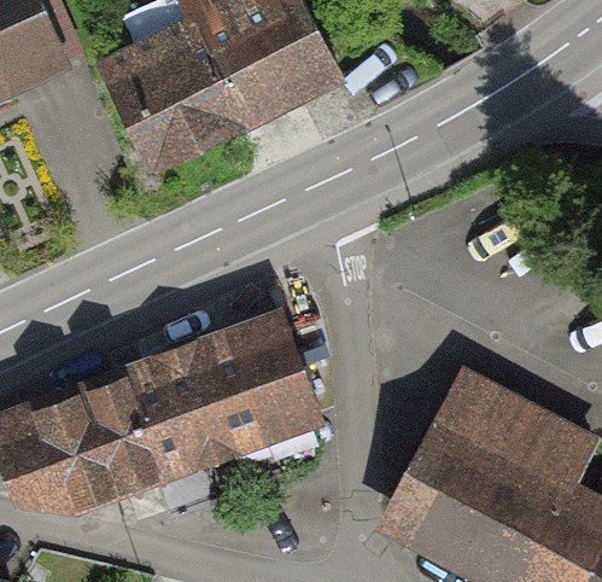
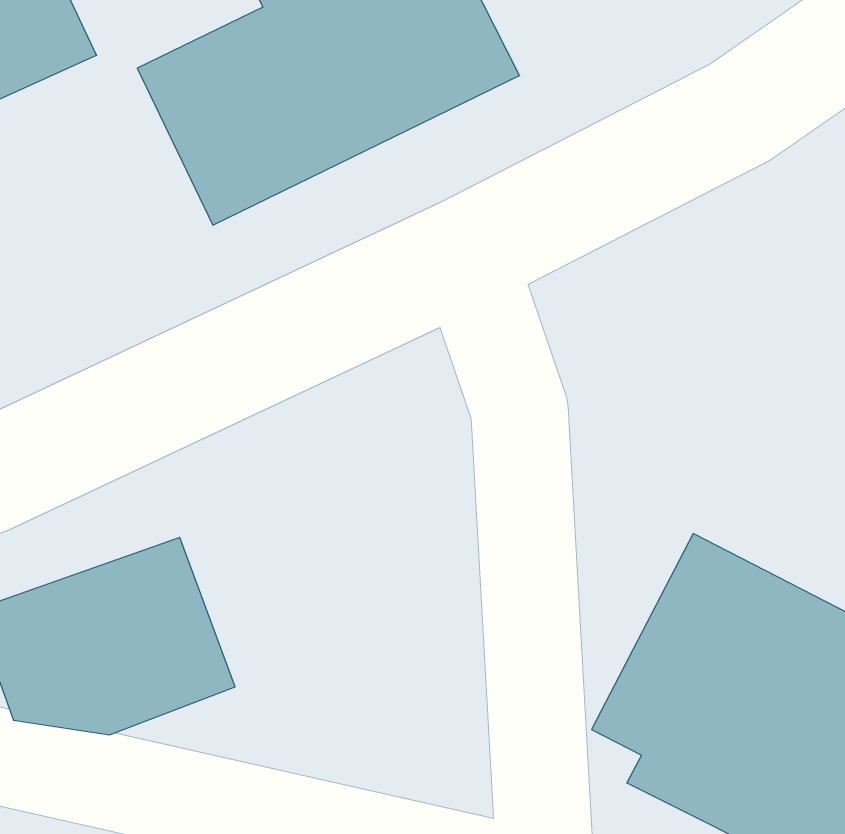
building: [125,319,316,510] -> none

